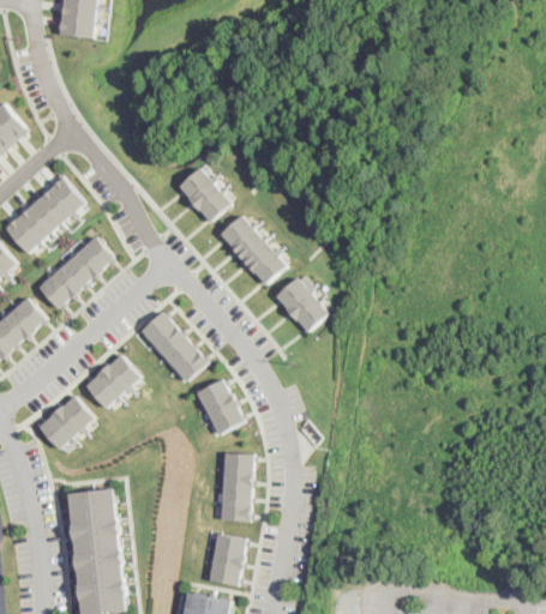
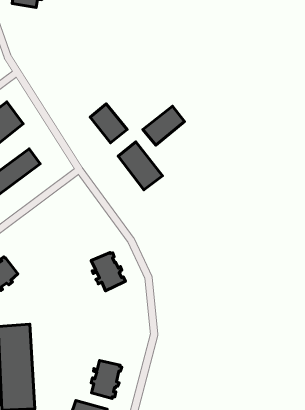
building: none -> [143,106,185,145]
building: [275,276,329,331] -> none
building: [140,311,208,381] -> none
building: [83,353,138,408] -> none
building: [215,452,254,522] -> none

